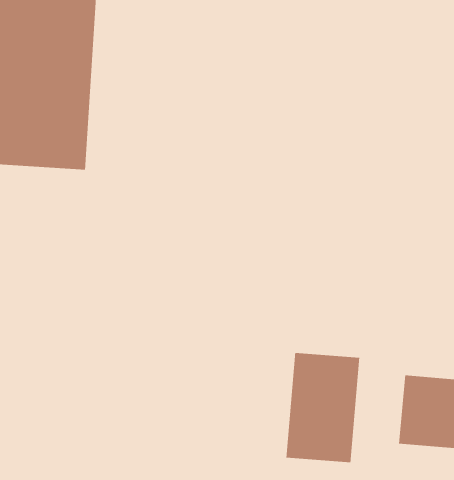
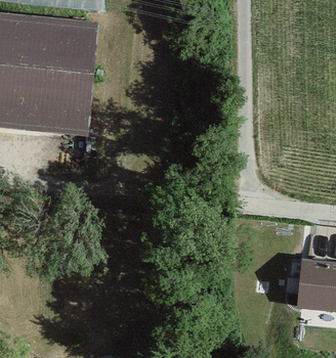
building: [286,352,360,463] -> none

